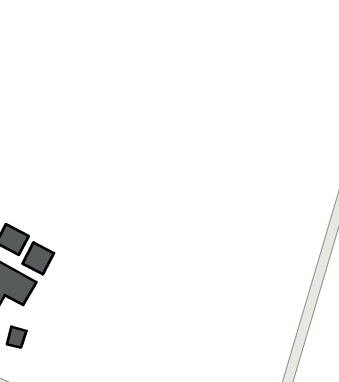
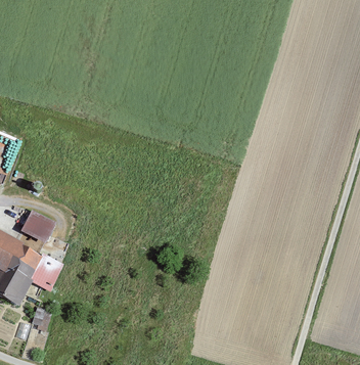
building: [23,242,54,274] -> none

